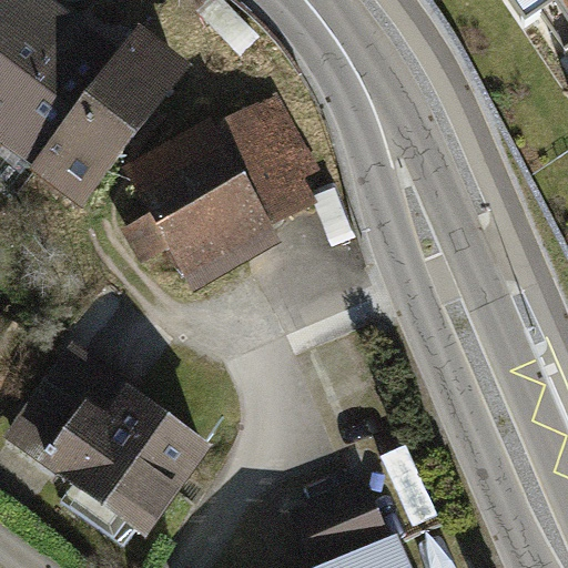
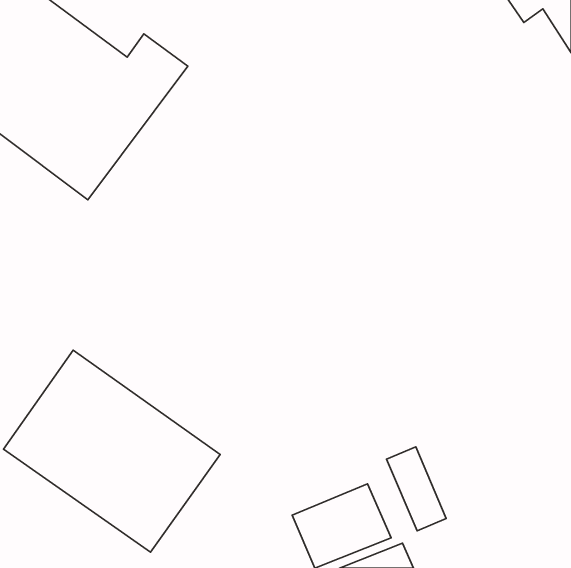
building: [141,97,314,264] -> none

